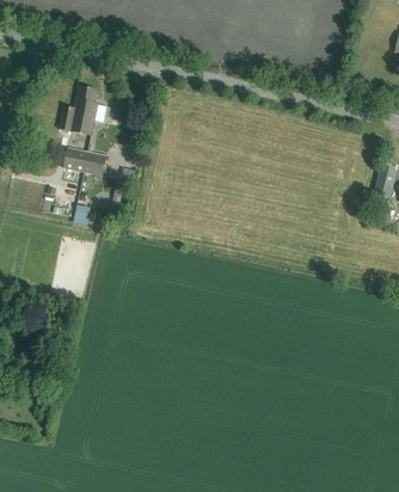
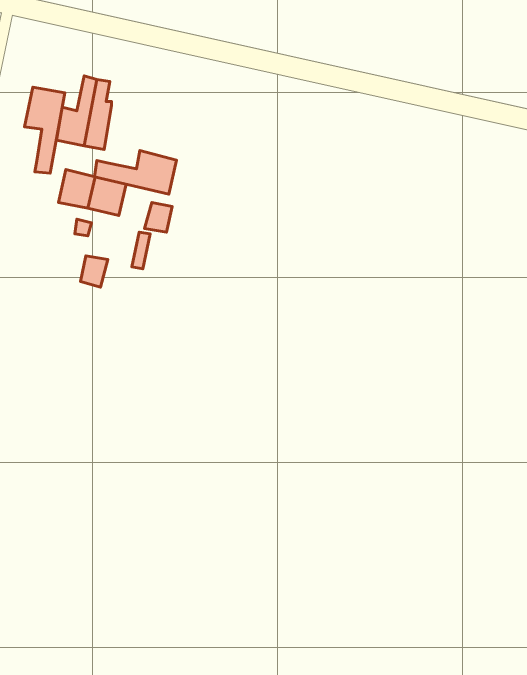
building: none -> [25,87,65,173]
building: none -> [94,150,177,194]

